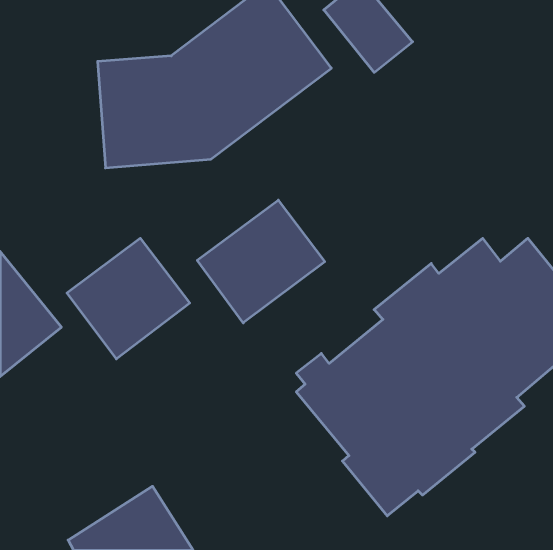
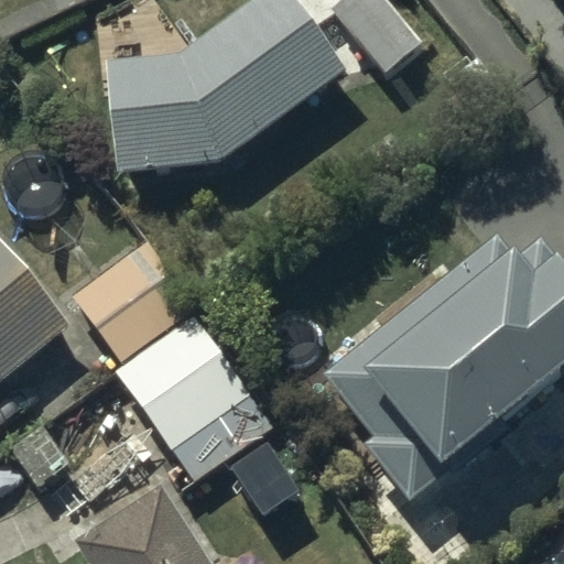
building: [197,200,325,323] -> none
building: none -> [117,313,273,474]

